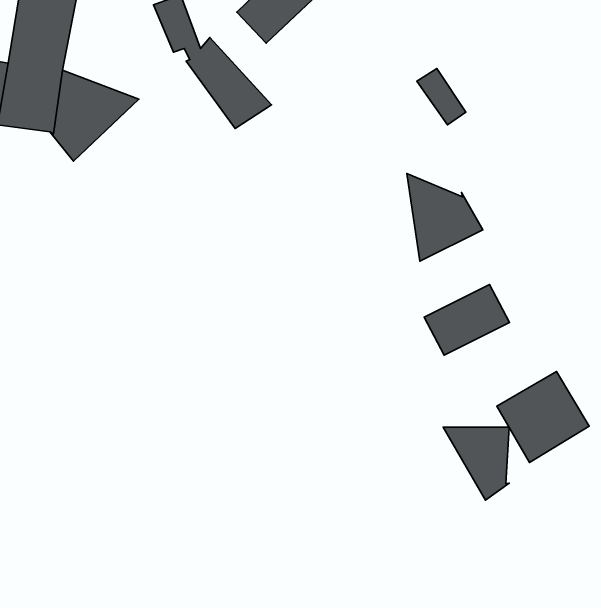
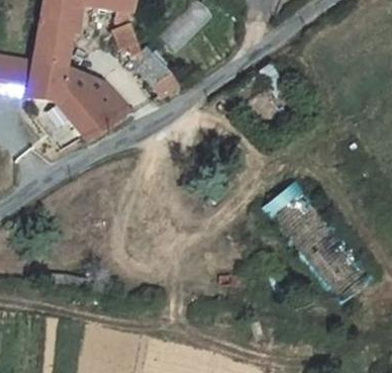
building: none -> [70,80,134,138]
building: [407,174,483,261] -> none
building: [443,427,509,500] -> none

